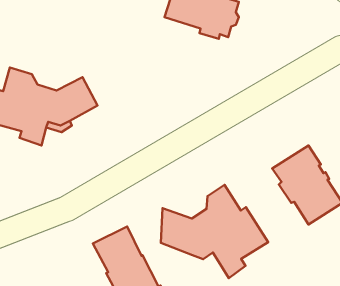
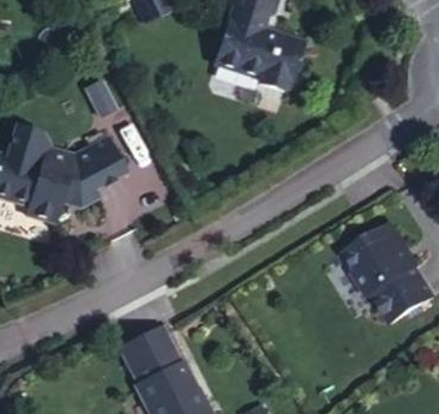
building: [161,185,268,278] -> none

